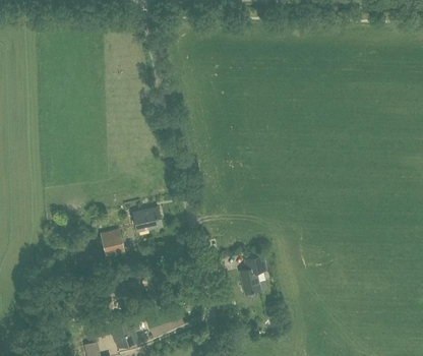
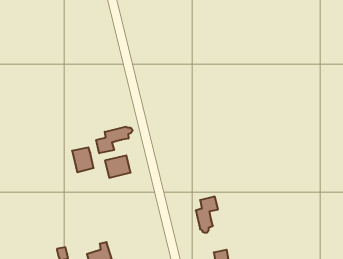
building: none -> [96,127,133,153]
building: [100,228,125,257] -> [72,147,94,172]

